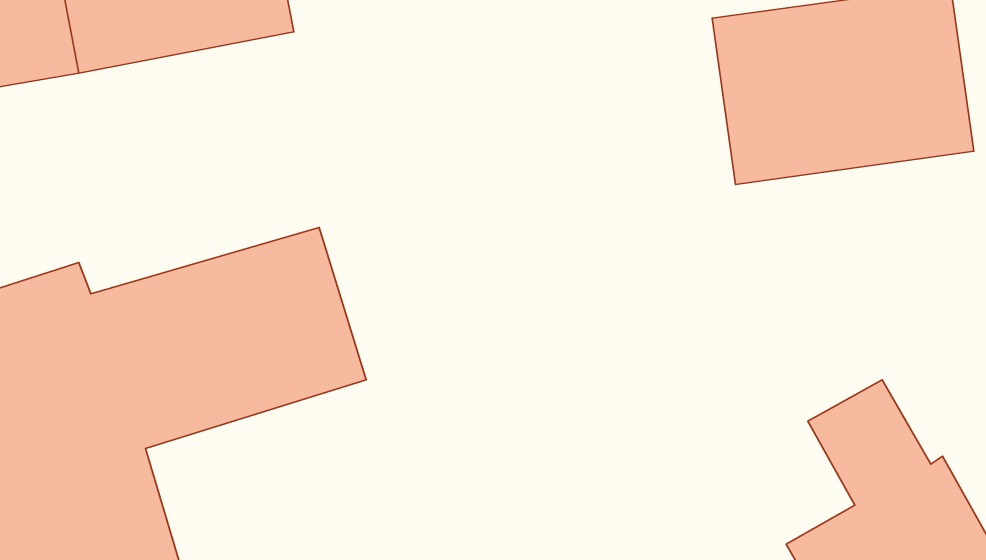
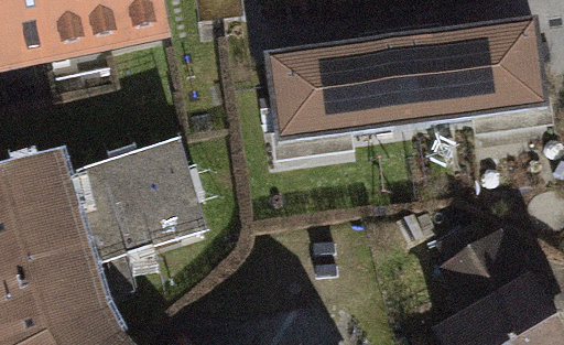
building: none -> [268,35,415,148]

